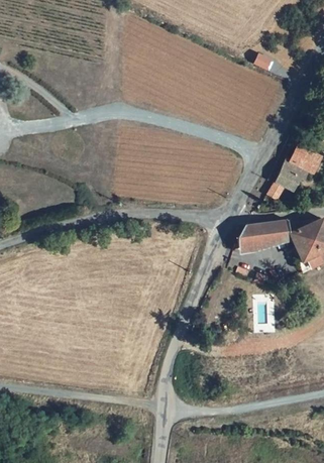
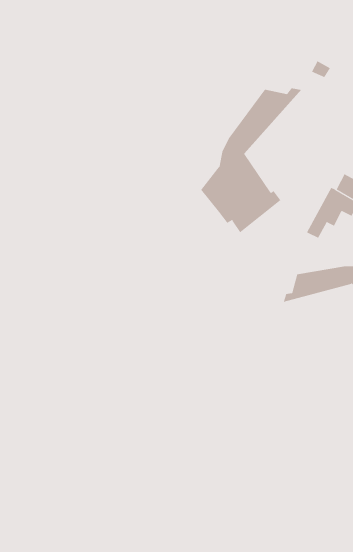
building: none -> [201,87,302,233]

